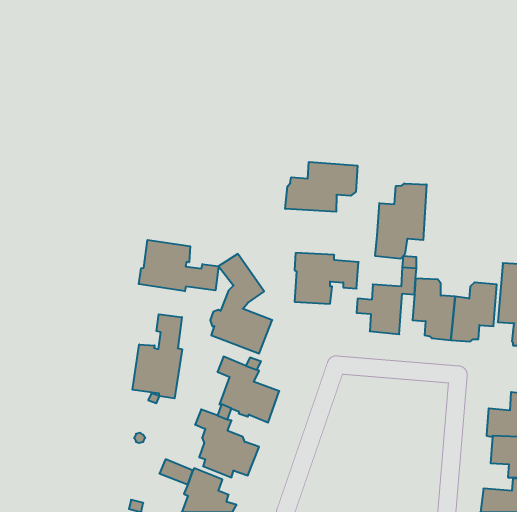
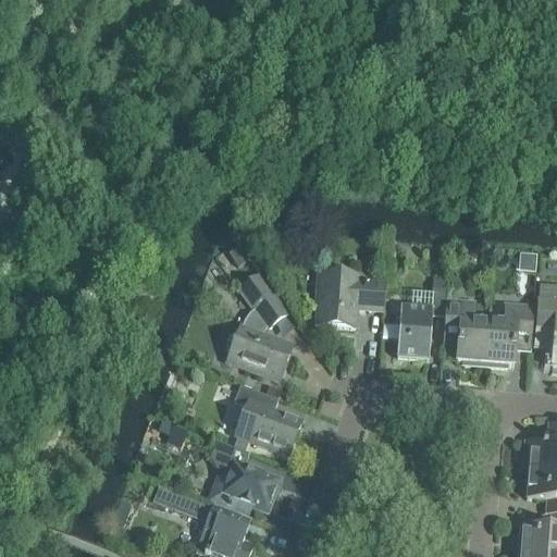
building: [285,162,357,212] -> none
building: [375,183,427,259] -> none
building: [139,240,218,291] -> none
building: [132,314,182,398] -> none

